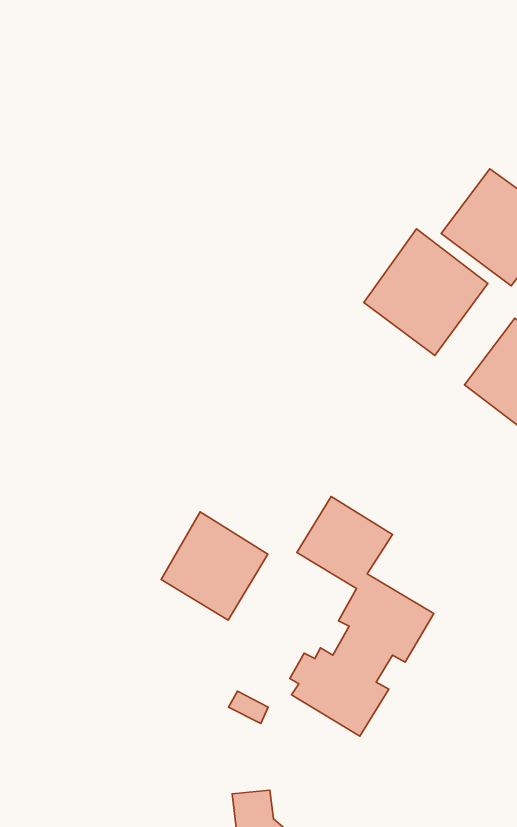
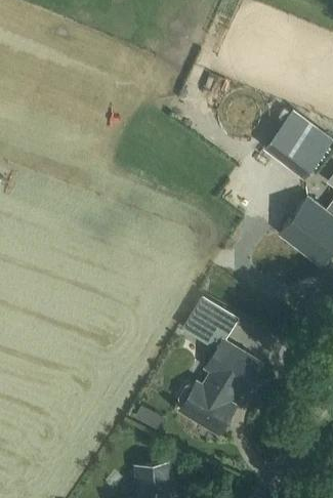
building: [364,229,488,355] -> none
building: [161,512,268,620] -> none

